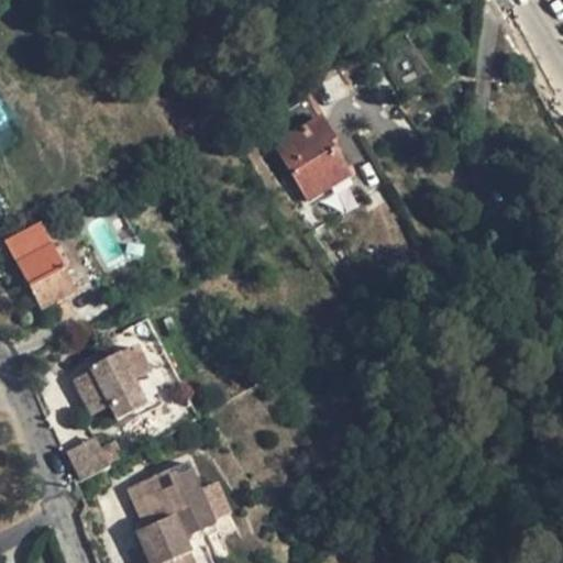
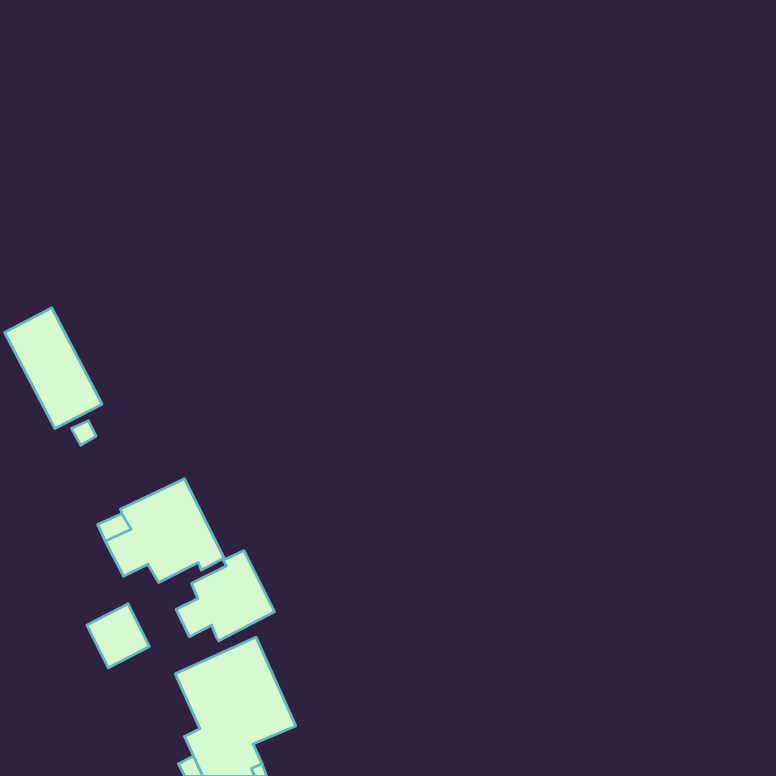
building: [274,117,349,200] -> none
building: none -> [176,551,274,641]

